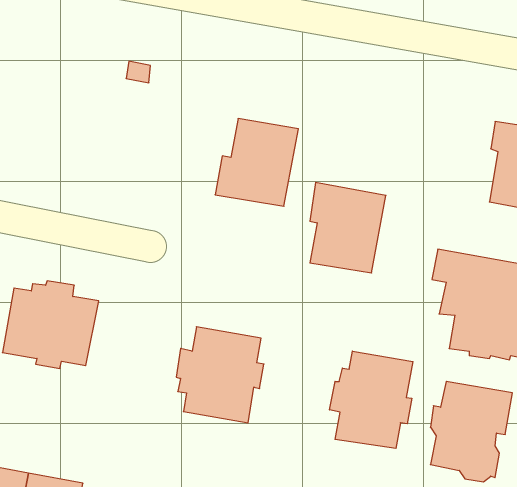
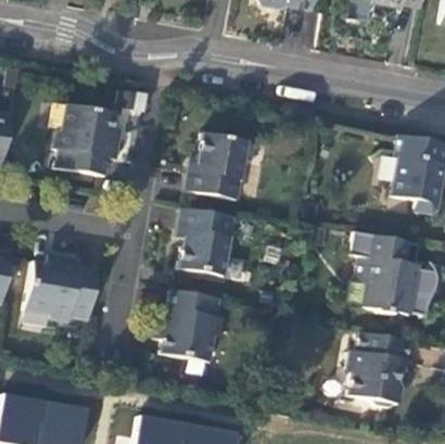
building: none -> [55,103,122,176]
building: [310,182,386,273] -> [179,207,237,276]
building: [330,351,413,448] -> none

